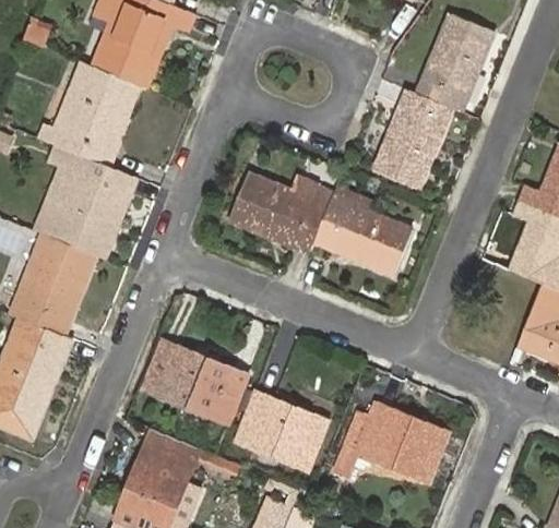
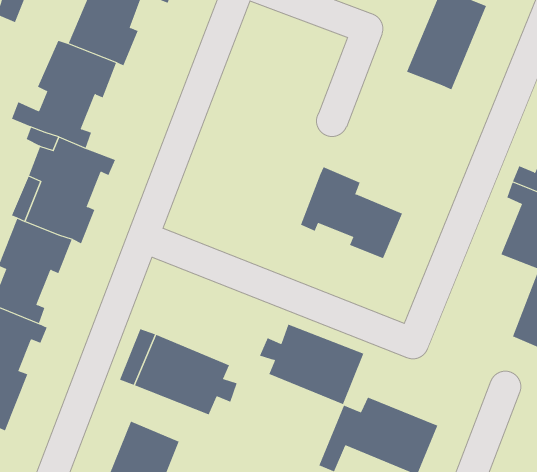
building: [374,91,450,189] -> none
building: [227,172,333,253] -> none
building: [227,393,328,470] -> [259,324,364,405]

